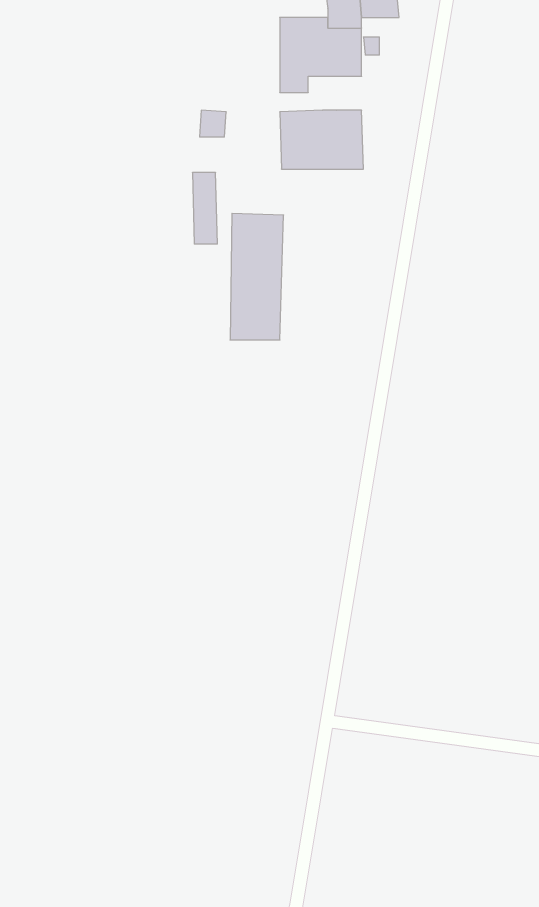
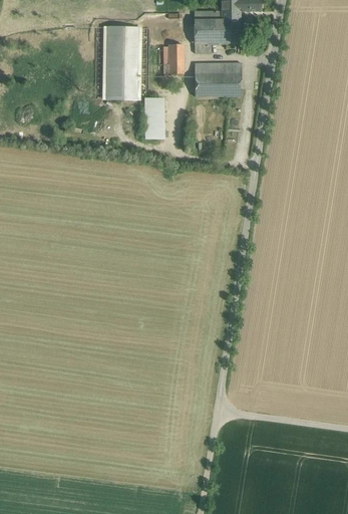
building: none -> [168,43,183,73]
building: [230,213,284,340] -> [107,26,137,97]

